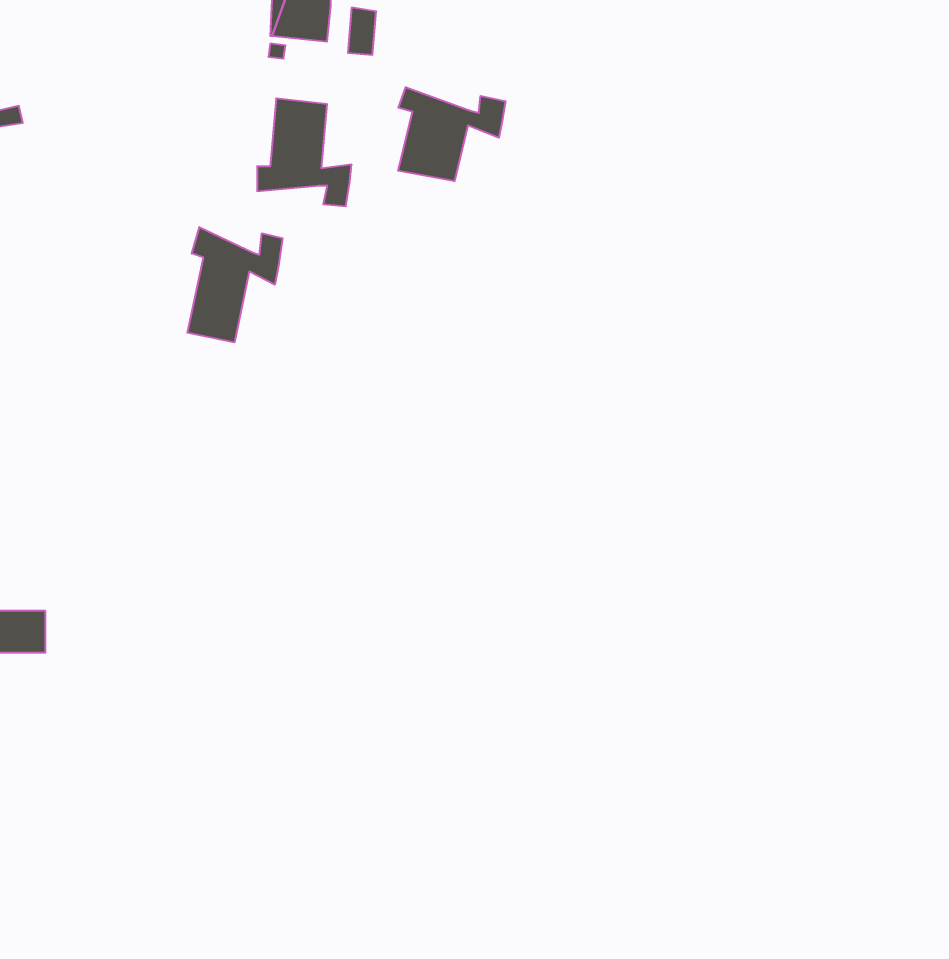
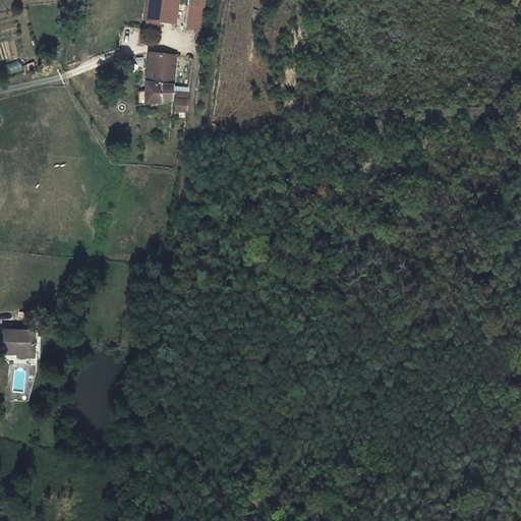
building: [398,87,505,181] -> none
building: [187,227,283,342] -> none

